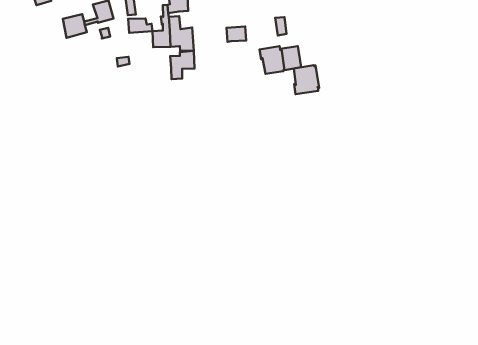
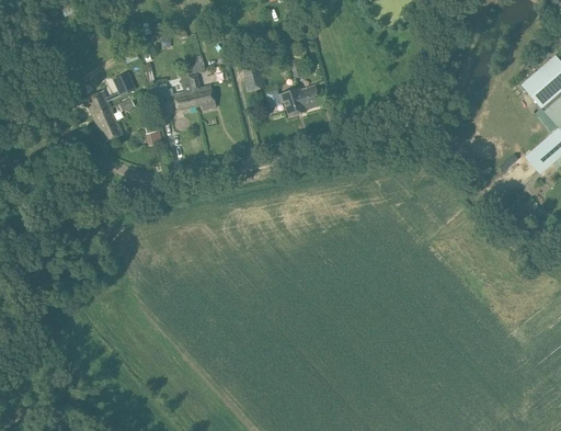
building: none -> [93,106,124,141]
building: [170,51,194,79] -> none
building: [294,65,319,94] -> none

